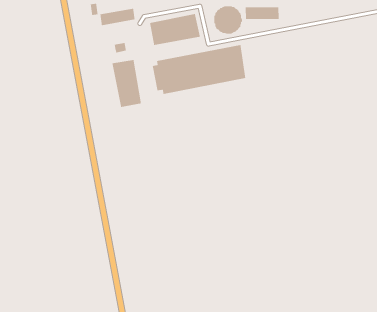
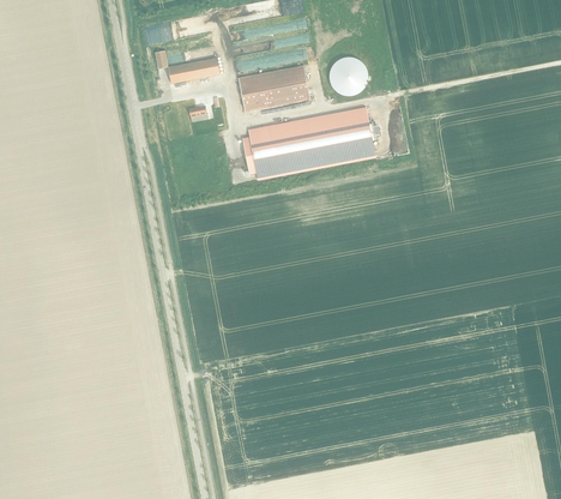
building: [245,7,280,20] -> none
building: [112,59,142,108] -> none

